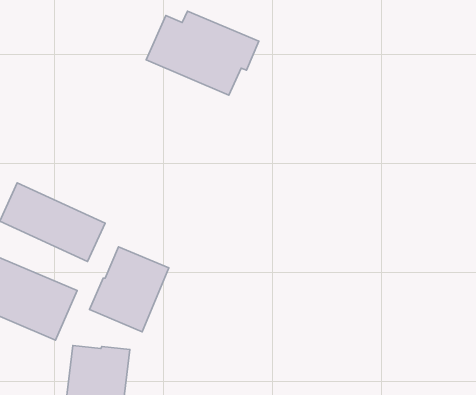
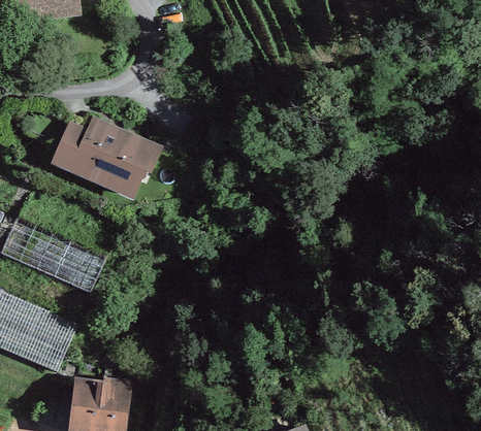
building: [146,11,259,95] -> [50,115,162,199]
building: [90,247,169,332] -> none

